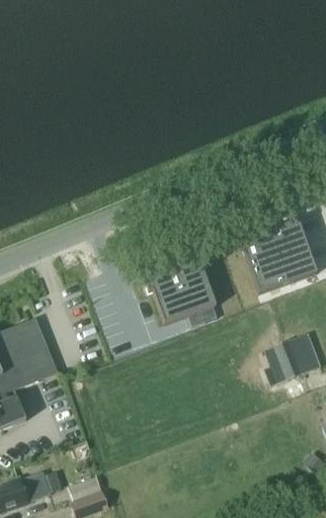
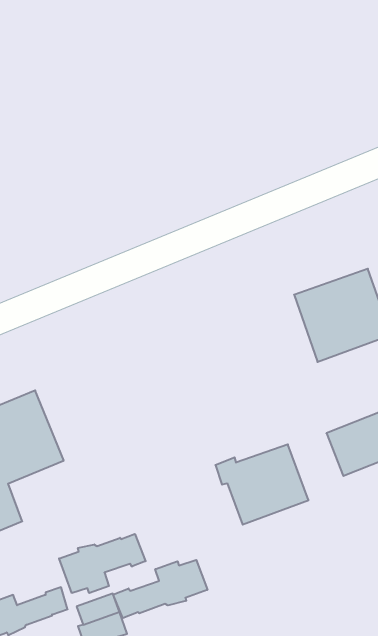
building: [142,262,215,325] -> [215,444,309,525]
building: none -> [59,534,146,593]
building: none -> [113,560,207,618]

